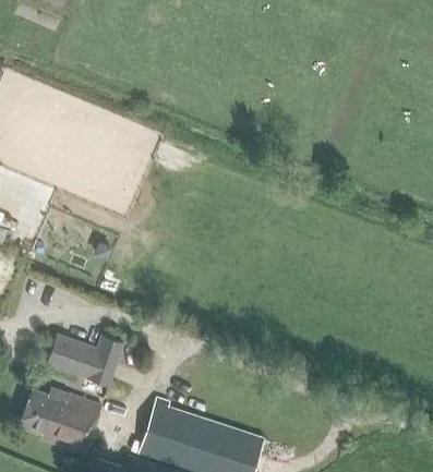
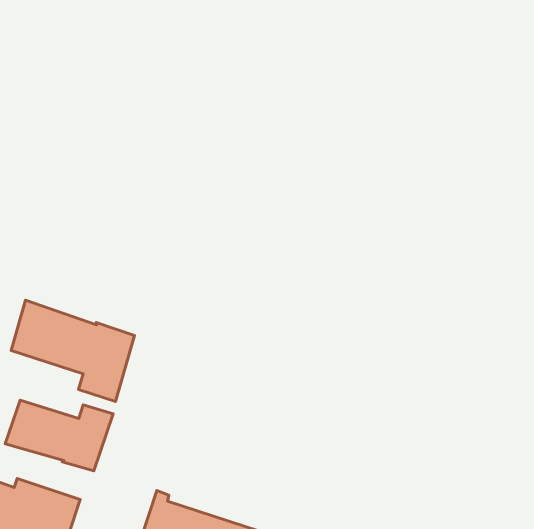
building: none -> [11,300,134,402]

